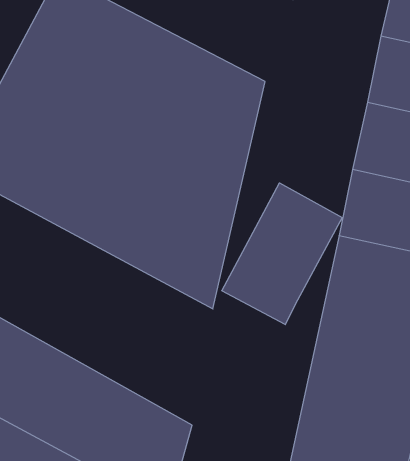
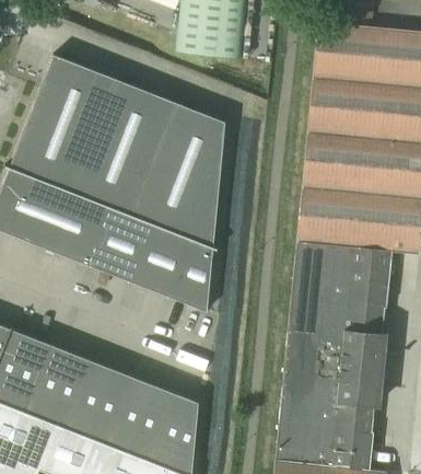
building: [222,183,342,325] -> none

